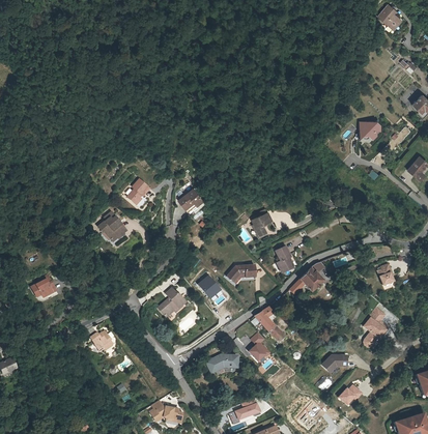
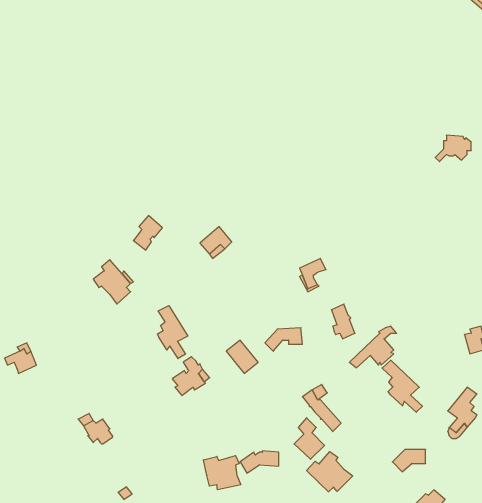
building: none -> [157,306,188,359]
building: none -> [382,360,422,412]
building: none -> [307,452,353,492]
building: none -> [203,456,241,490]

